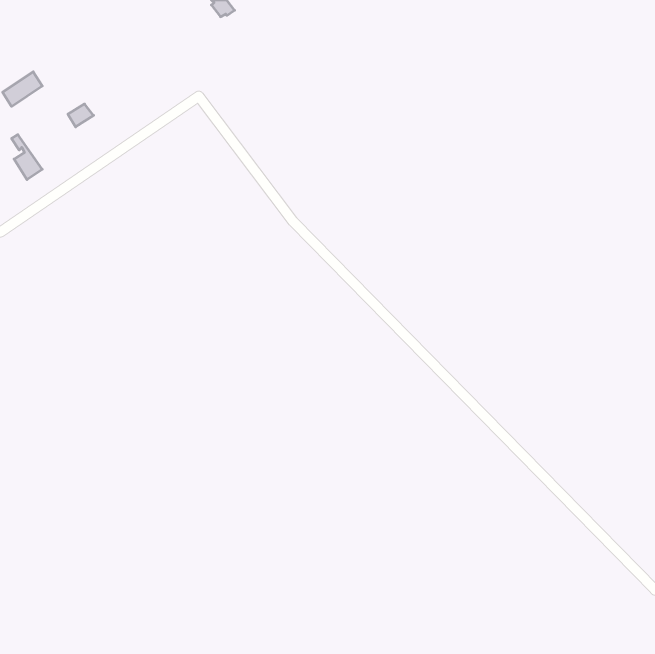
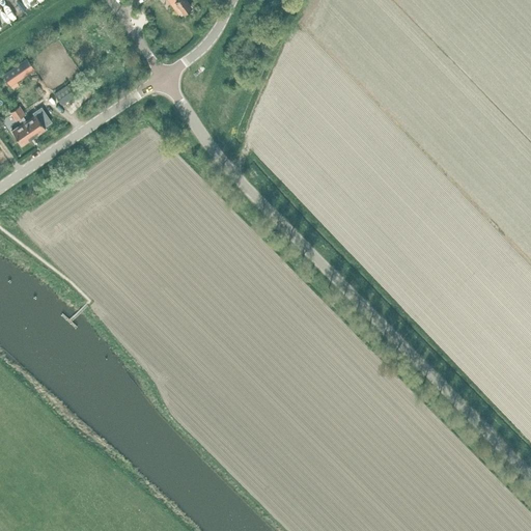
building: none -> [15,106,51,138]

